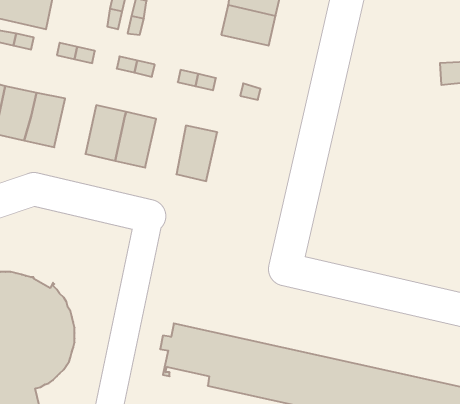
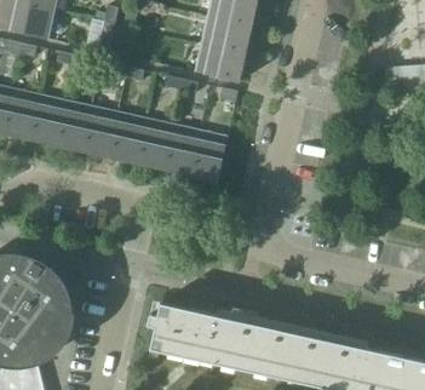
building: none -> [195,45,245,82]
building: none -> [53,102,91,151]
building: none -> [134,120,171,170]
building: none -> [189,132,226,182]

